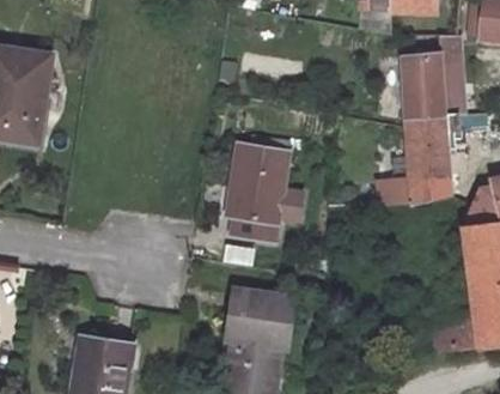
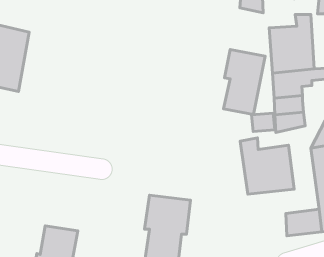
building: [230,146,289,240] -> [224,49,265,115]
building: none -> [240,138,294,194]

